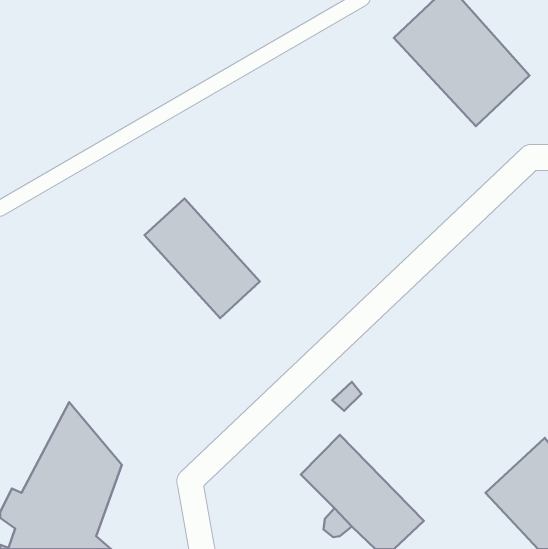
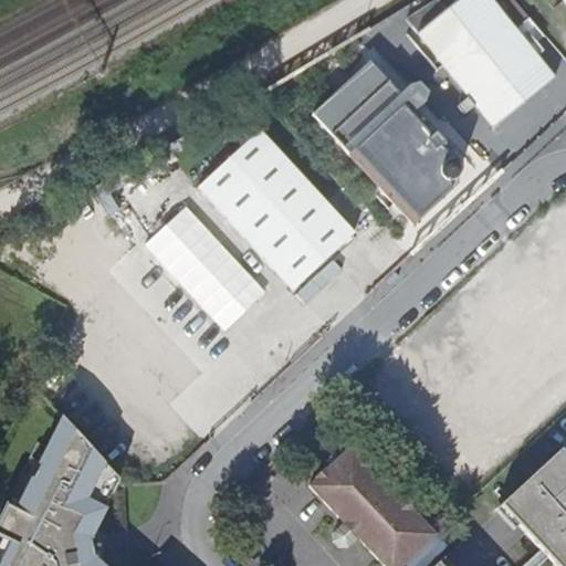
building: none -> [310,57,459,221]
building: none -> [196,128,353,290]

